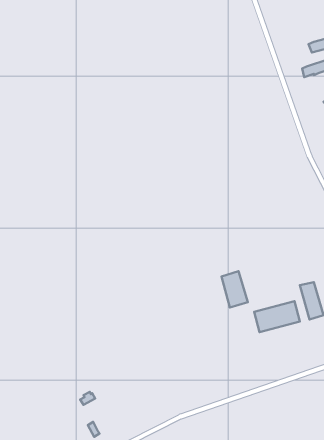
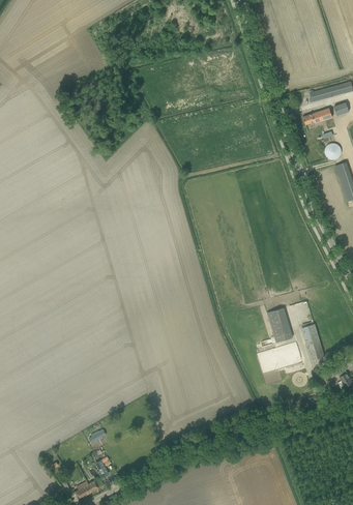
building: [221,271,248,308] -> [267,307,293,343]

